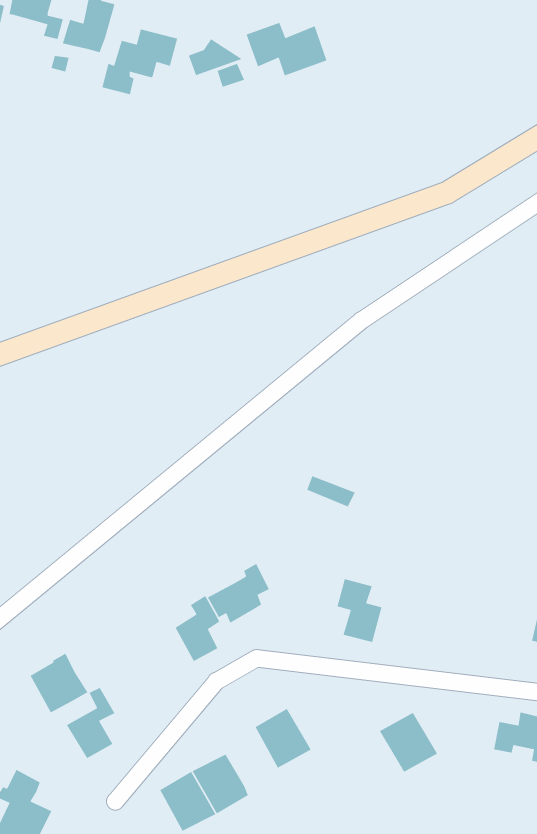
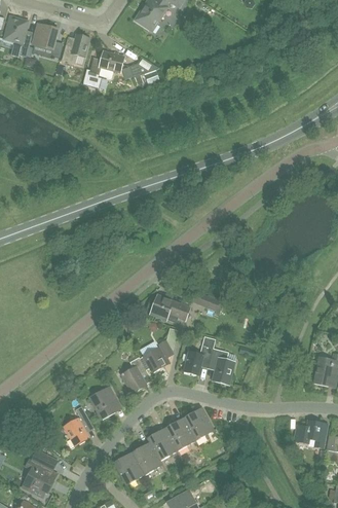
building: [246,22,328,76] -> none
building: none -> [149,294,189,320]
building: none -> [183,336,215,375]
building: [29,652,89,714] -> [89,386,121,419]
building: [379,712,438,773] -> [182,407,214,440]
building: none -> [146,428,177,460]

